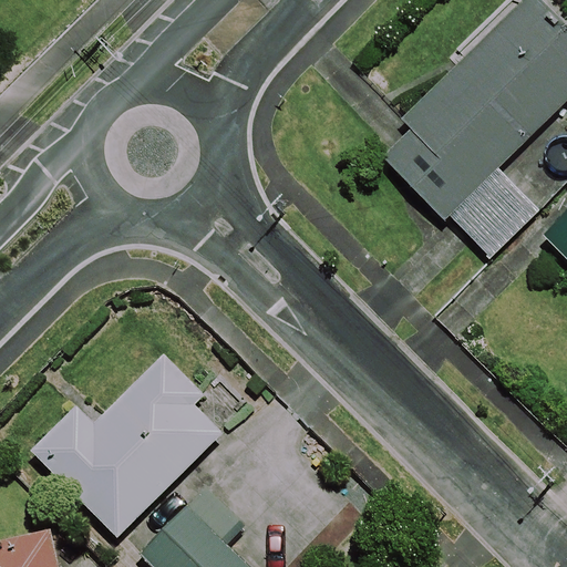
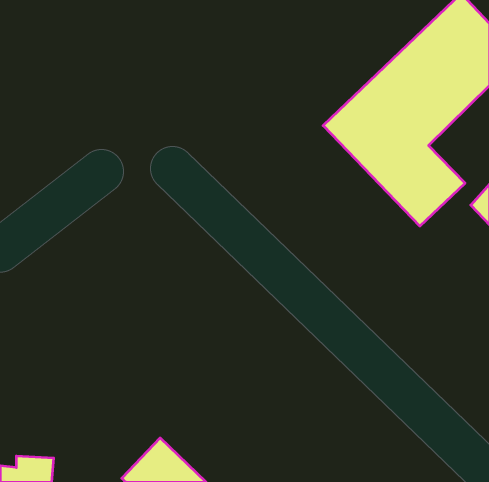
building: [33,363,223,535] -> none

